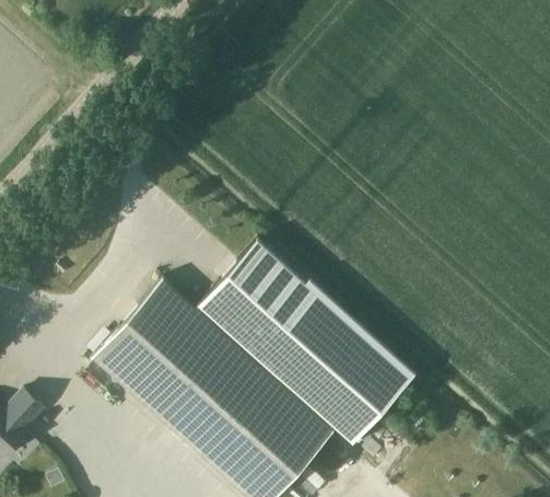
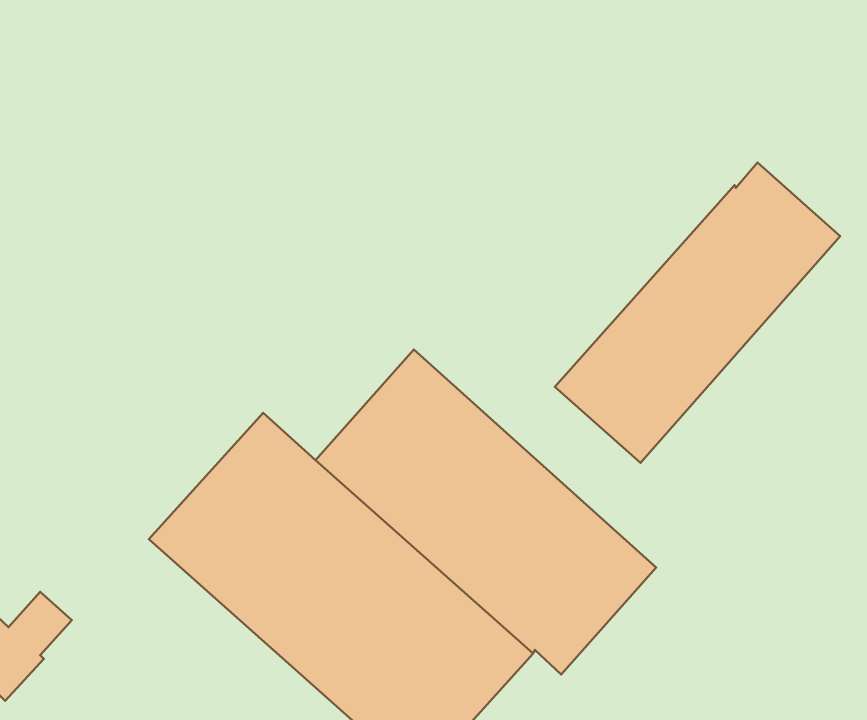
building: none -> [555,162,840,463]

